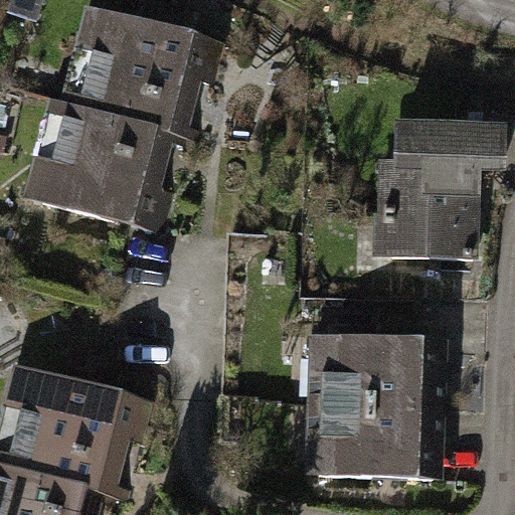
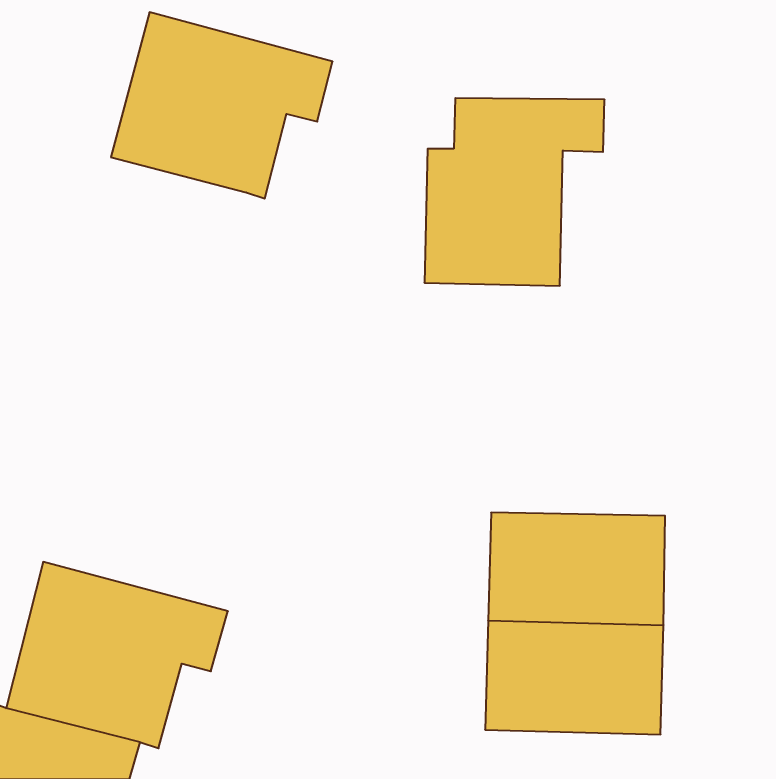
building: [35,100,166,226] -> none
building: [377,130,495,252] -> [424,98,605,286]

